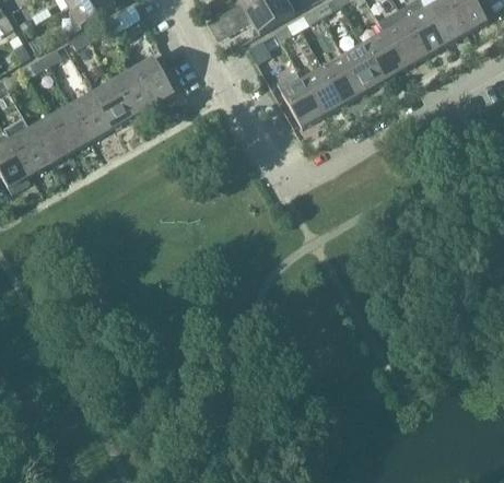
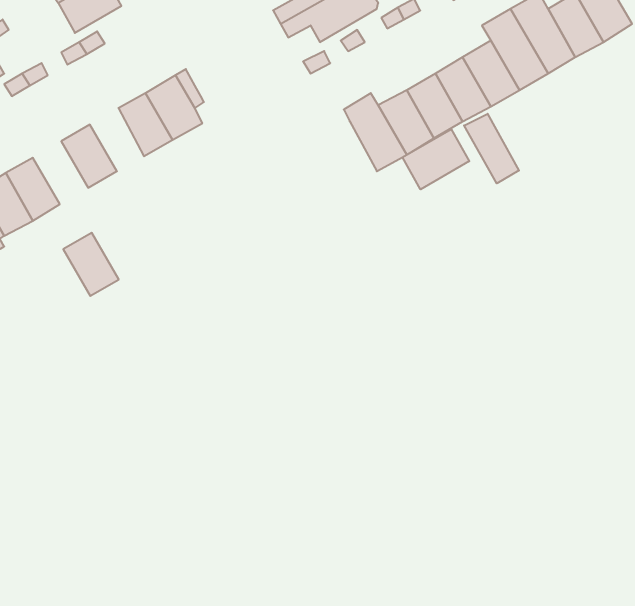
building: [91,81,130,127] -> none
building: none -> [464,114,519,183]
building: none -> [402,129,469,189]
building: [49,105,90,151] -> [63,233,119,296]

